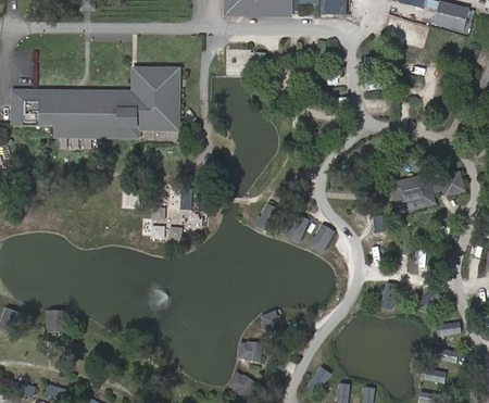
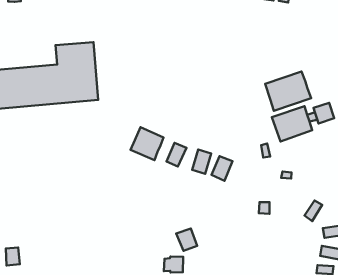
building: none -> [265,72,311,111]
building: none -> [130,127,164,160]

